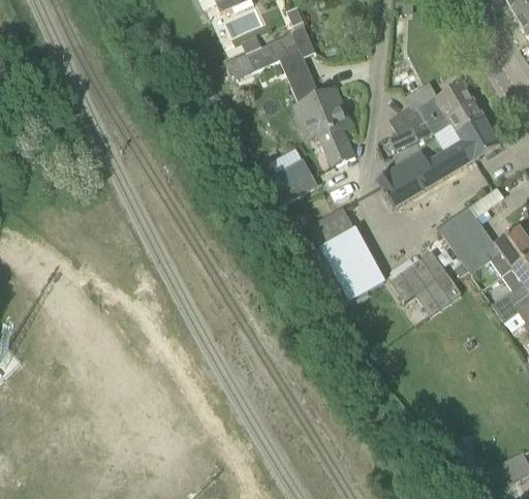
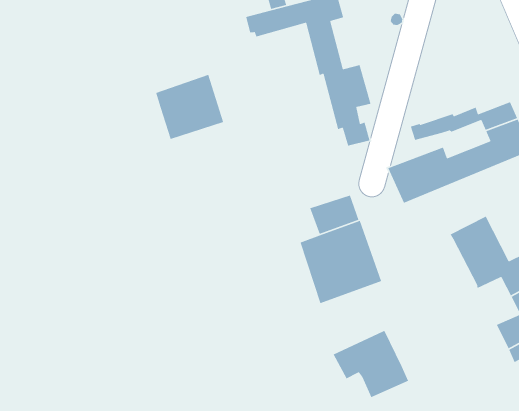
building: [388,81,474,134] -> none
building: none -> [155,74,224,140]
building: [266,160,314,207] -> none
building: [388,251,461,314] -> [333,330,409,398]

